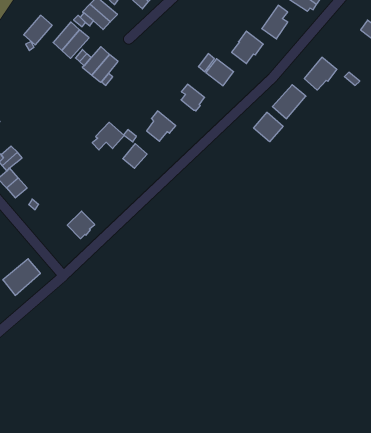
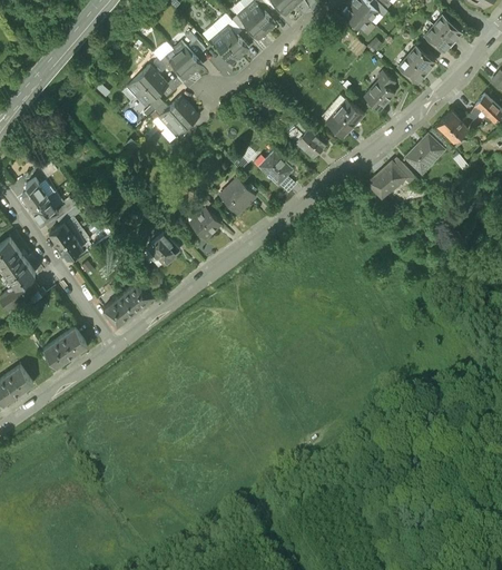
building: [24,15,52,45] -> none
building: none -> [437,109,467,139]
building: [254,112,283,142] -> none
building: [92,122,124,150] -> [141,234,178,264]
building: none -> [104,295,136,326]

